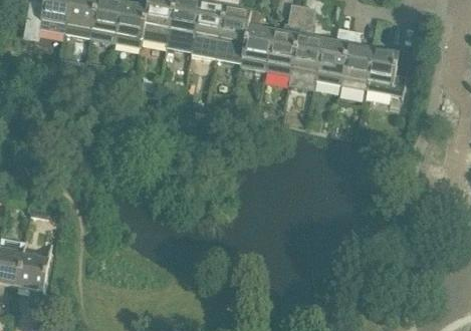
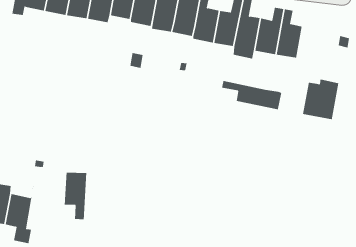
building: [366,45,410,94] -> [302,79,339,120]
building: none -> [221,80,282,110]
building: none -> [64,172,87,220]

